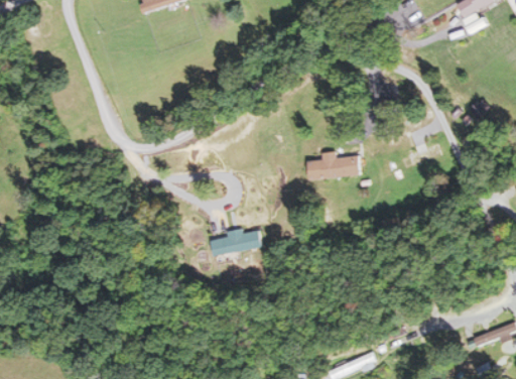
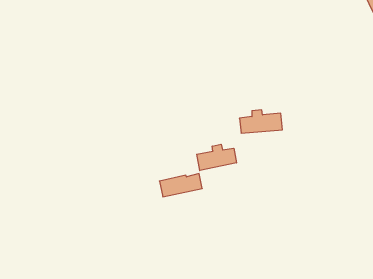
building: none -> [197,144,236,171]

